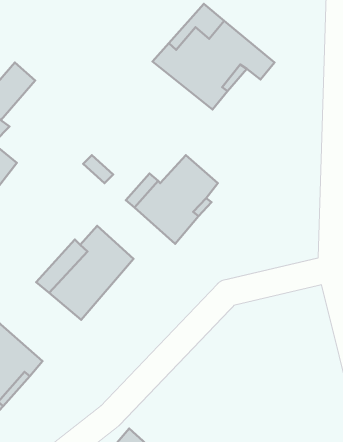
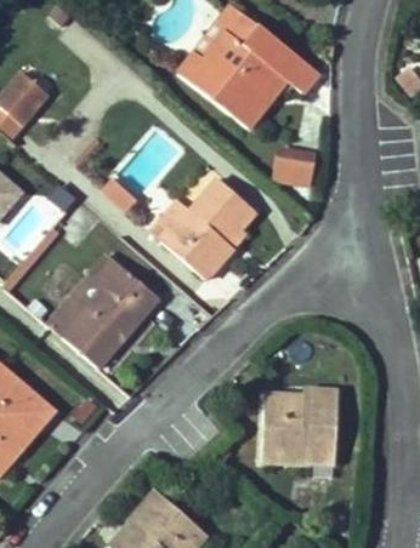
building: none -> [272,142,317,184]
building: none -> [261,388,339,463]

